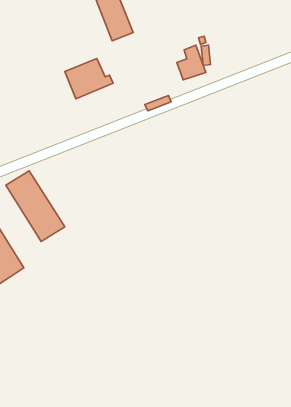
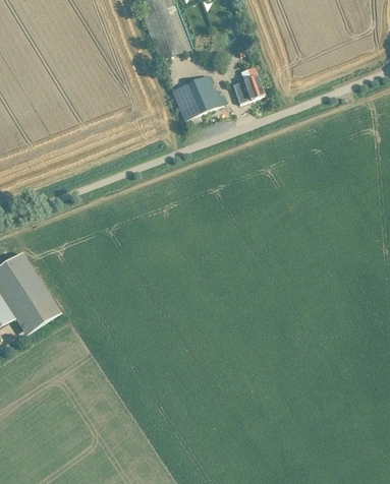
building: [65,59,113,99] -> [171,73,225,118]
building: [6,171,65,241] -> none

